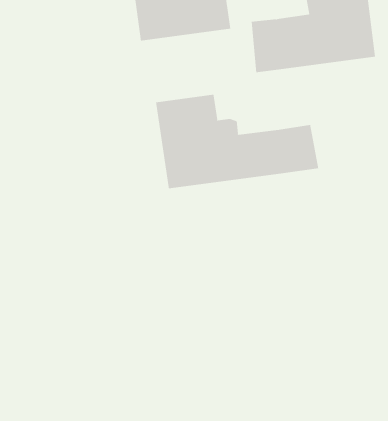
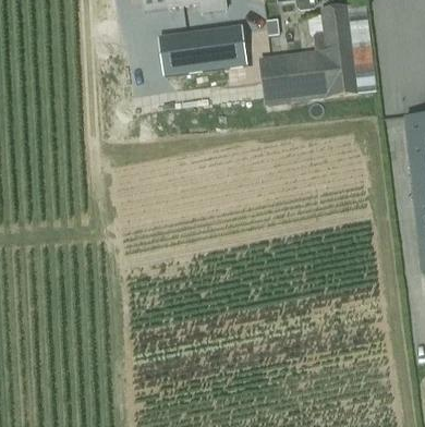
building: [156,94,319,189] -> none

